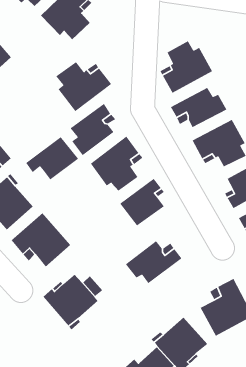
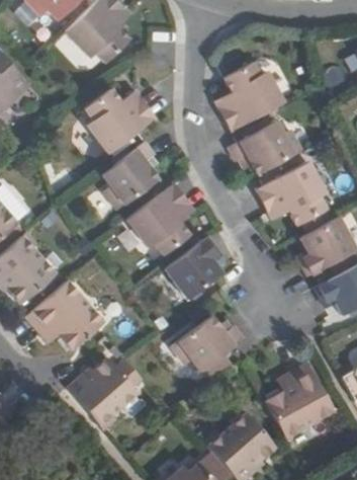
building: [25,136,79,181] -> none

